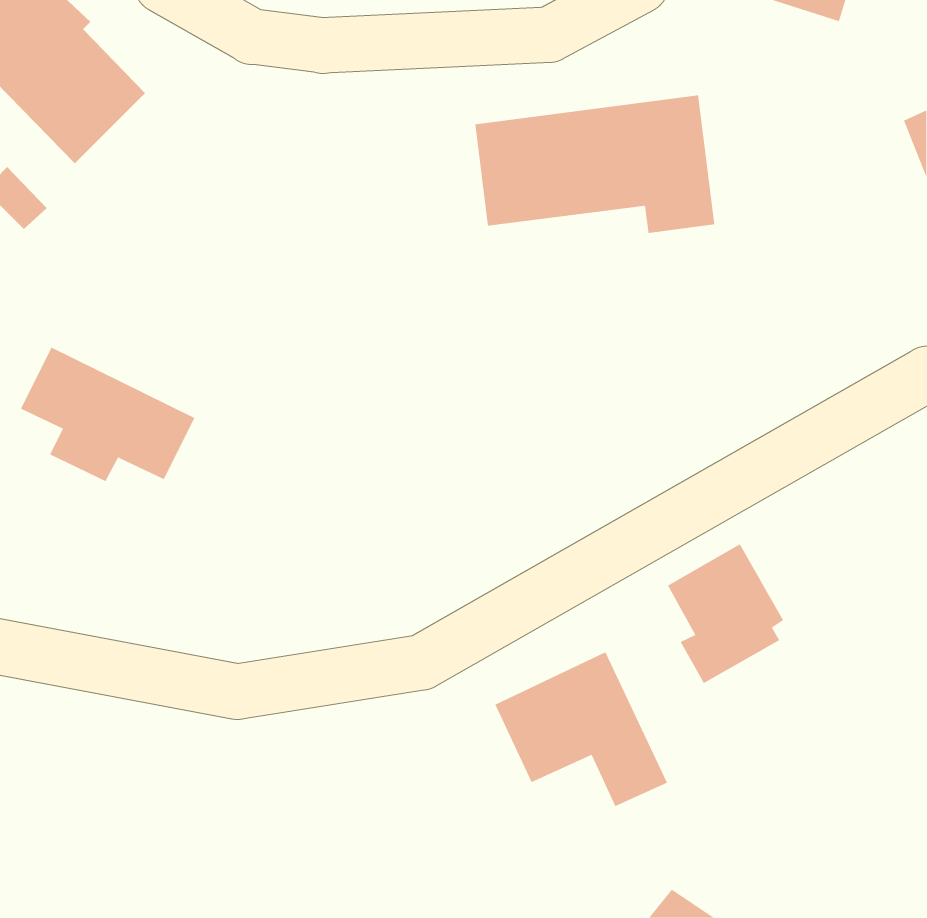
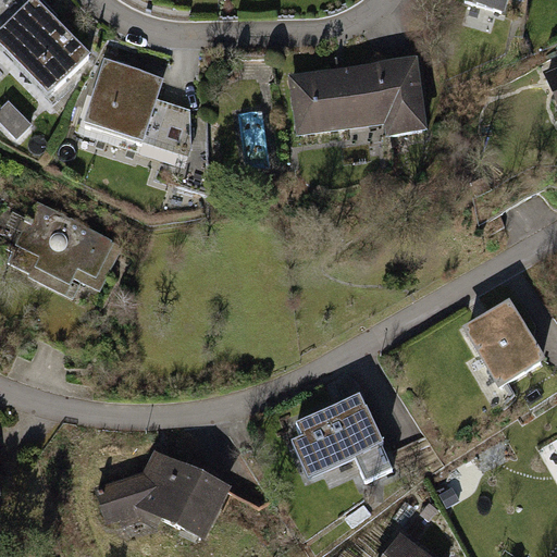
building: none -> [83,61,188,154]
building: [667,543,784,684] -> [469,300,539,384]
building: none -> [97,448,231,537]

